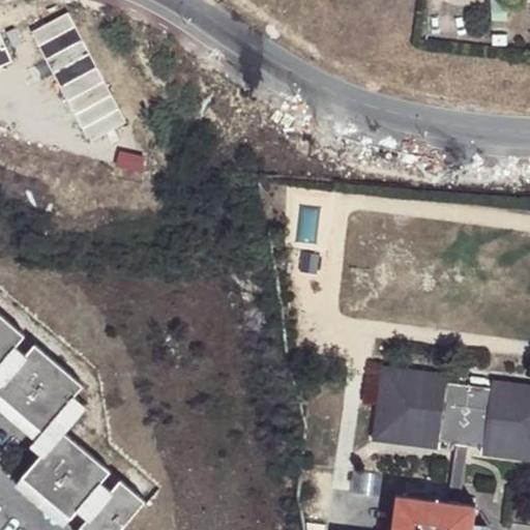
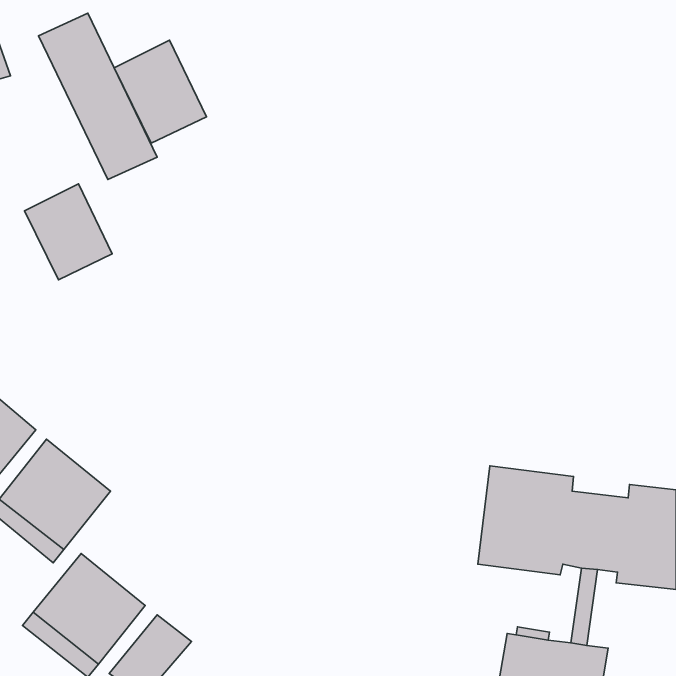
building: none -> [114,40,206,143]
building: none -> [25,184,112,280]

